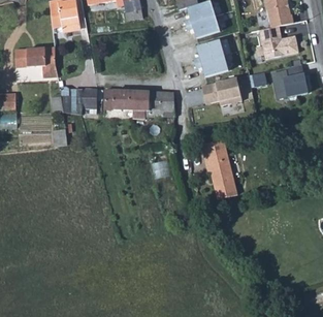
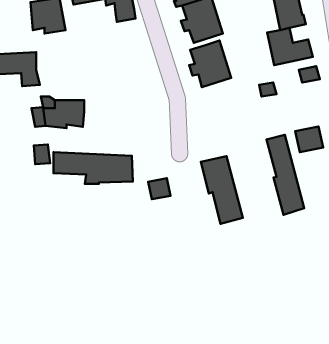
building: [283,74,308,97] -> [295,126,323,152]
building: [200,75,240,103] -> none
building: [104,90,174,118] -> [53,152,133,184]
building: none -> [267,135,304,215]

